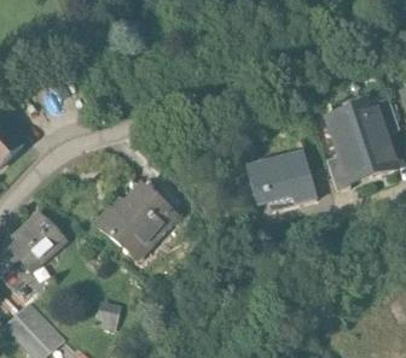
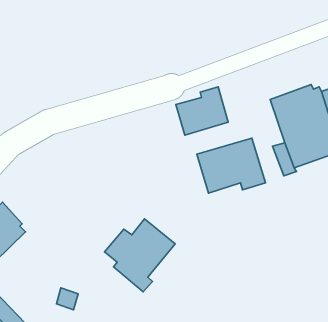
building: none -> [176,87,228,135]
building: [98,193,173,270] -> [104,219,175,292]

